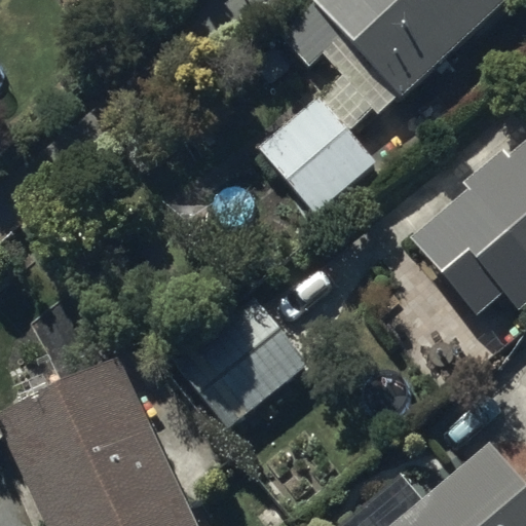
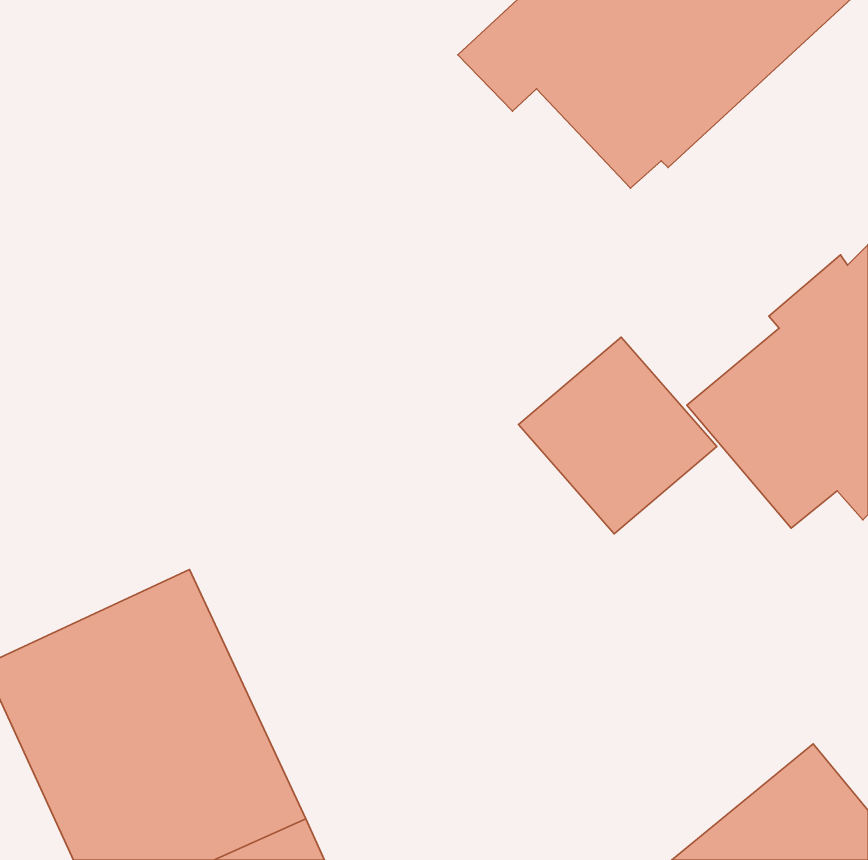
building: [257,96,376,214] -> [518,337,717,534]
building: [174,299,308,430] -> none

